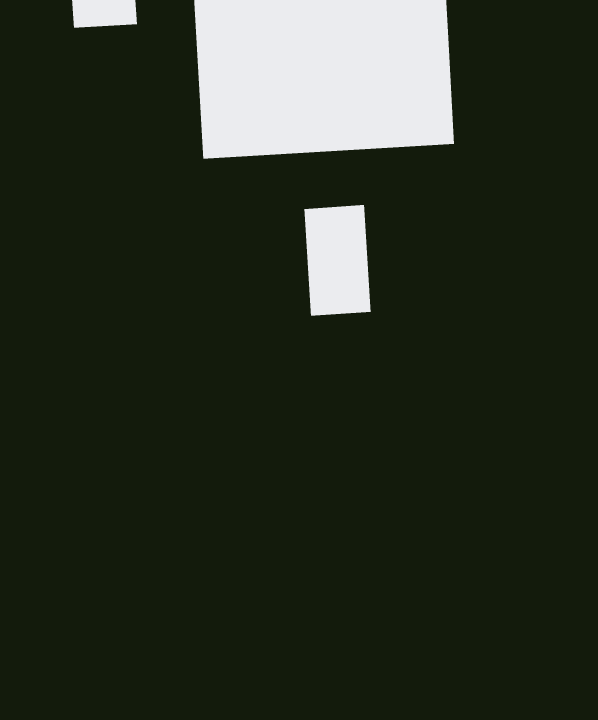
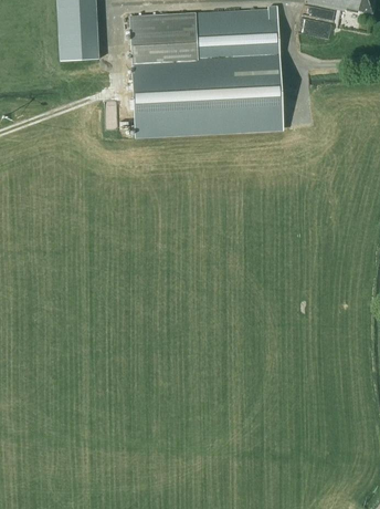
building: [304,204,371,317] -> none

